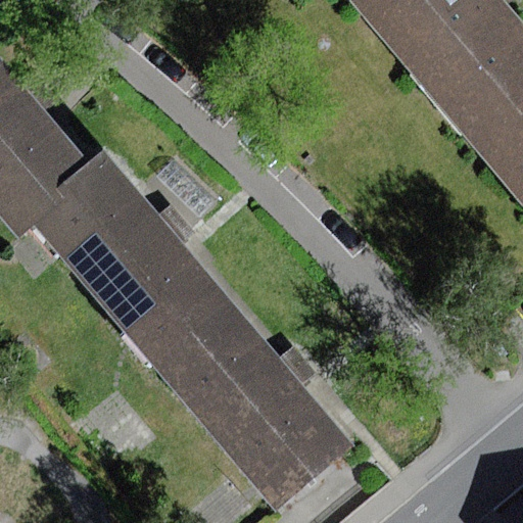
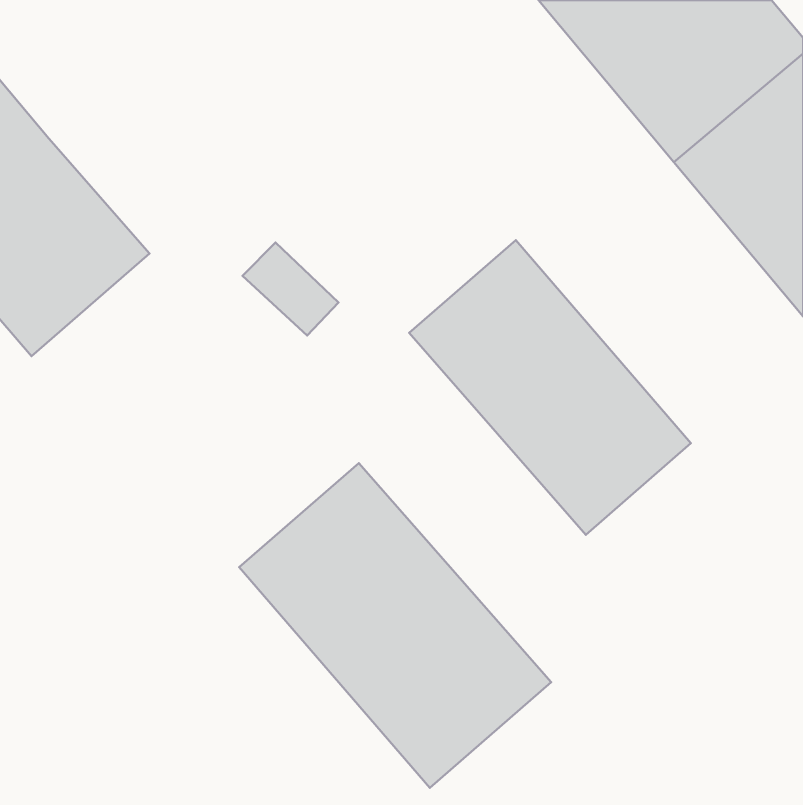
building: [29,155,233,368] -> none
building: none -> [409,240,691,535]

